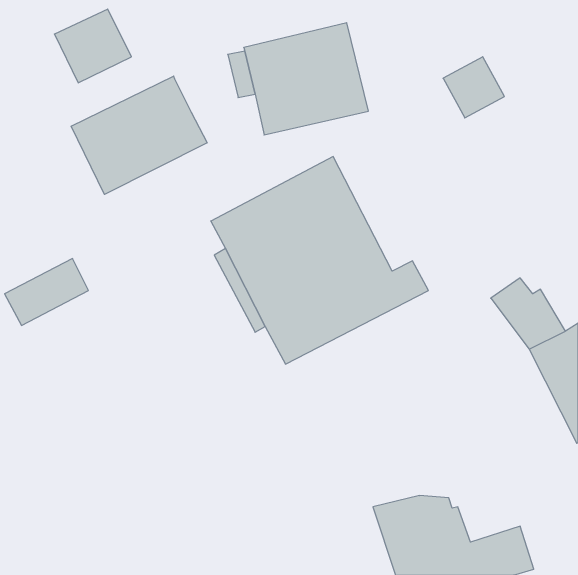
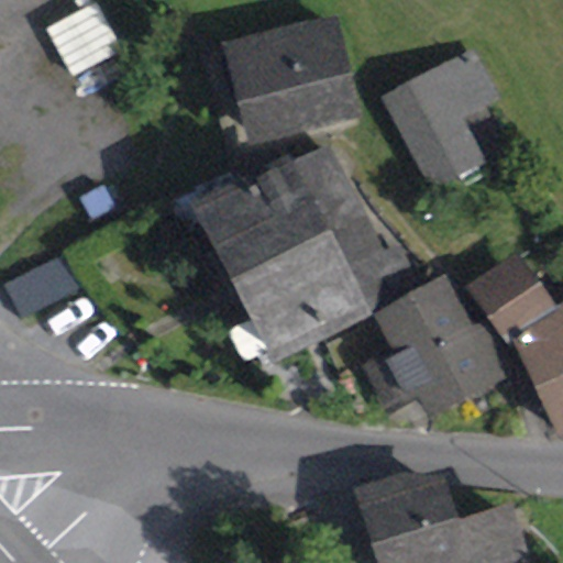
building: [71,76,207,194] -> none
building: none -> [389,76,476,184]
building: none -> [374,283,508,410]

